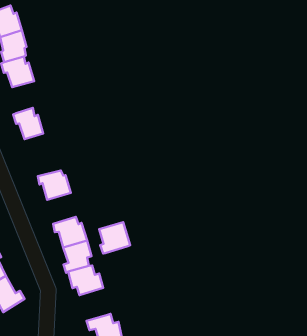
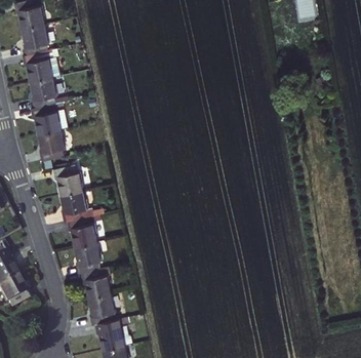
building: none -> [34,86,59,116]
building: none -> [42,137,65,166]
building: [99,222,130,253] -> [59,197,88,226]
building: none -> [83,291,112,322]

